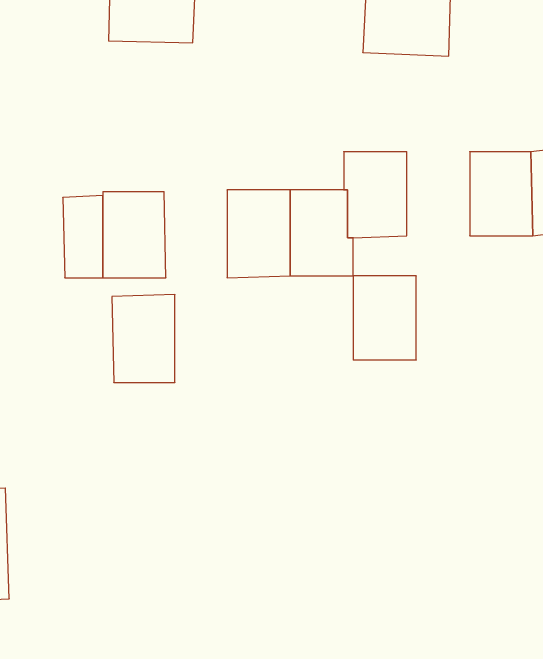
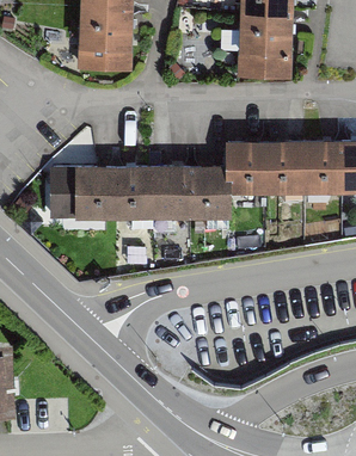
building: [353,276,416,360] -> [264,138,303,191]
building: [112,295,175,382] -> [112,162,152,217]

